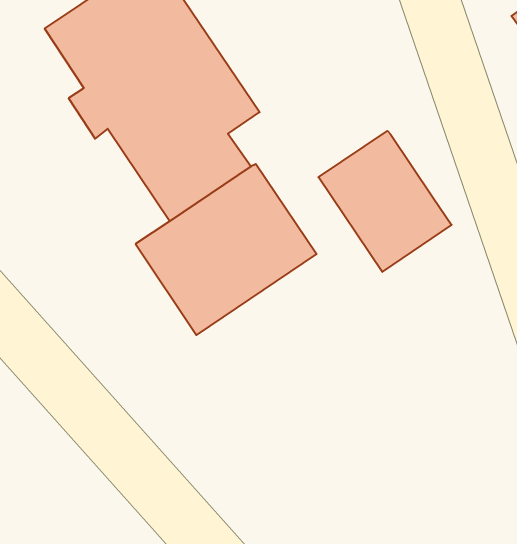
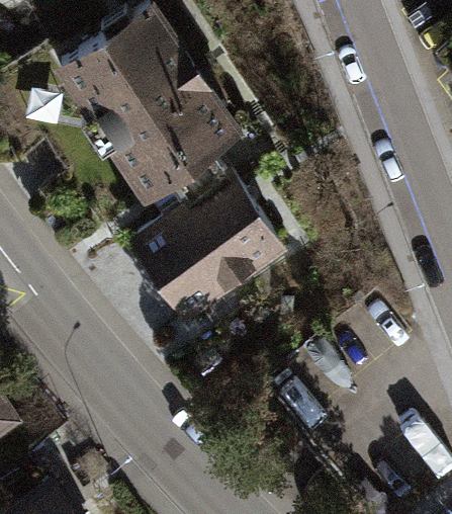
building: [318,131,452,272] -> none

